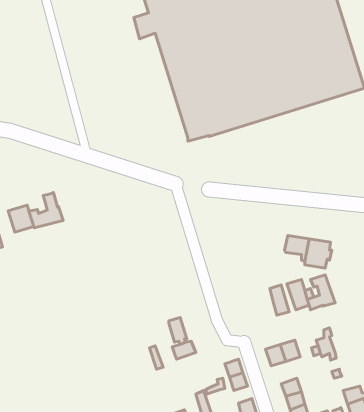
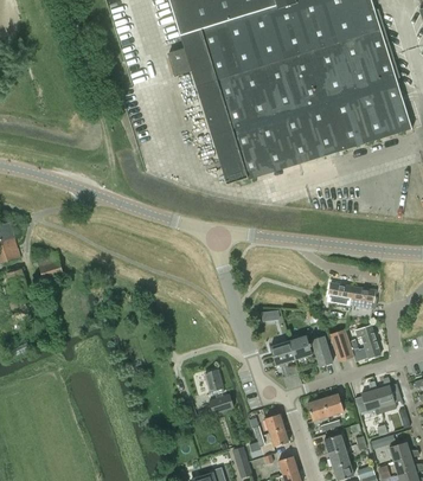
building: [29,193,63,228] -> none
building: none -> [269,335,315,365]
building: none -> [374,376,402,412]

